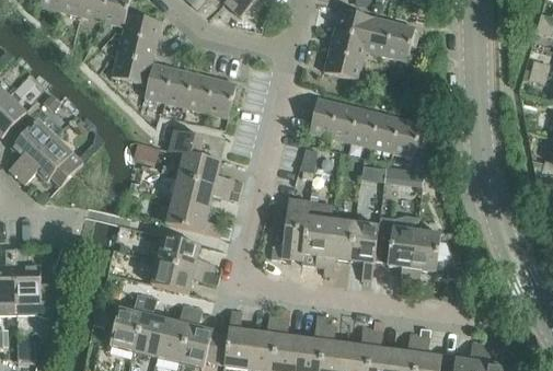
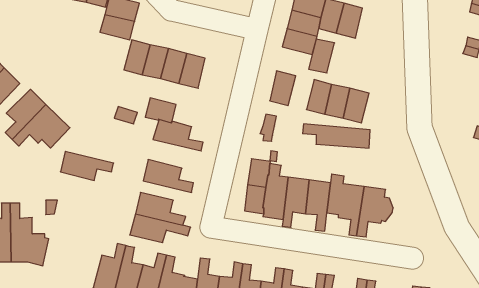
building: [112,54,150,83] -> none
building: [330,103,359,141] -> [309,39,335,73]
building: [171,175,231,208] -> [60,151,114,180]

